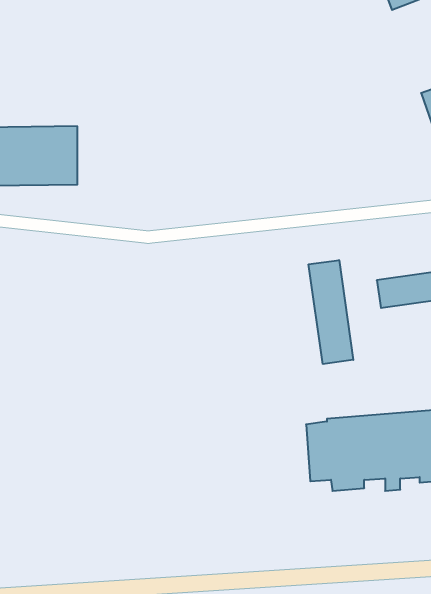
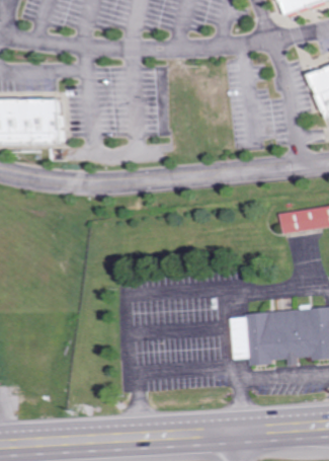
building: [309,260,353,364] -> none

